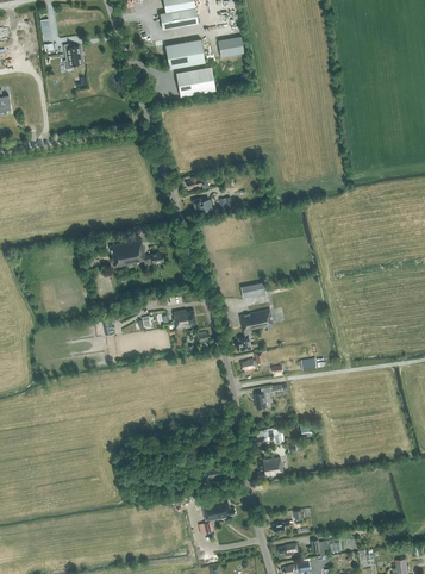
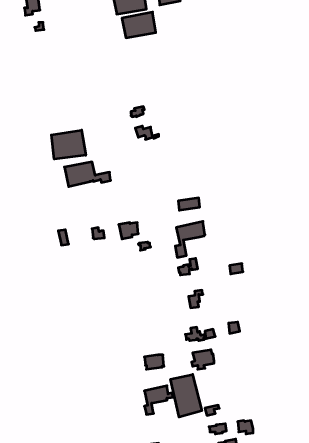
building: none -> [51,130,86,159]
building: none -> [171,374,202,417]

